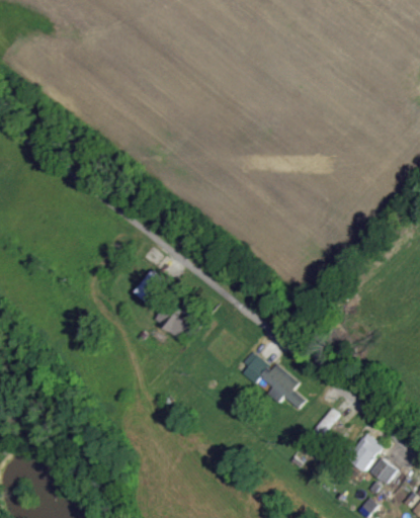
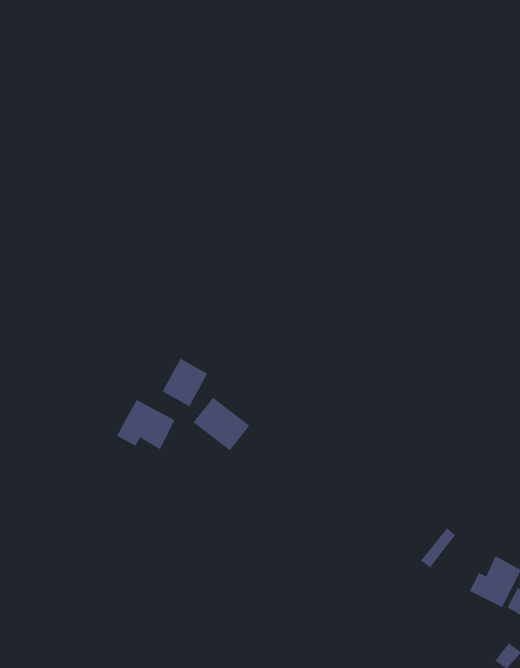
building: none -> [116,399,175,450]
building: [240,352,306,409] -> none

